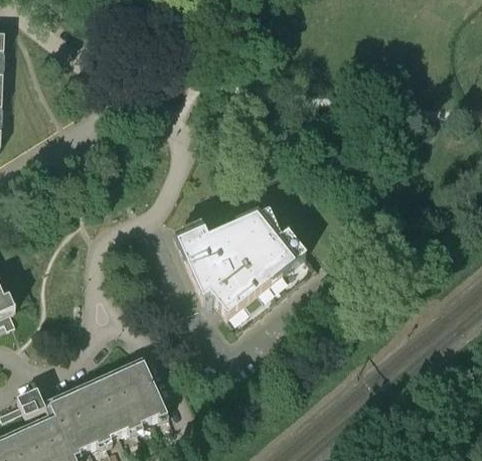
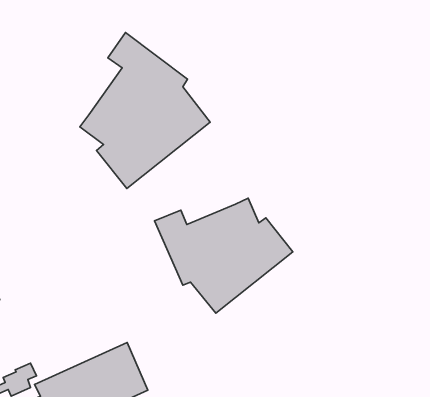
building: none -> [80,33,210,189]

